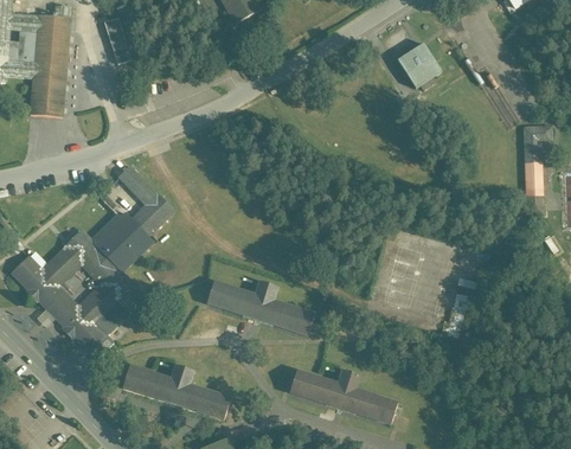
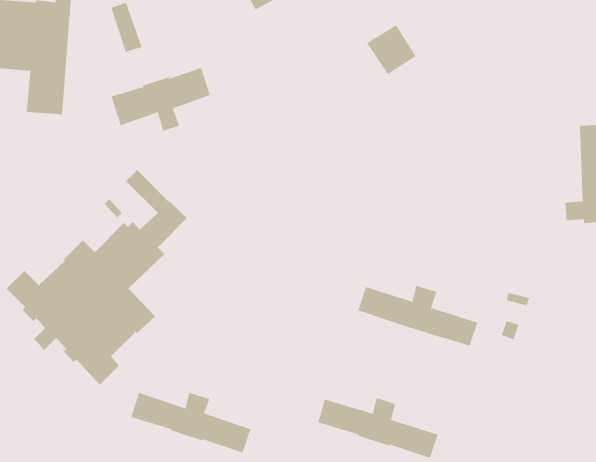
building: [396,43,441,88] -> [366,24,417,75]
building: none -> [111,67,211,132]
building: [206,280,314,334] -> [357,285,478,346]

